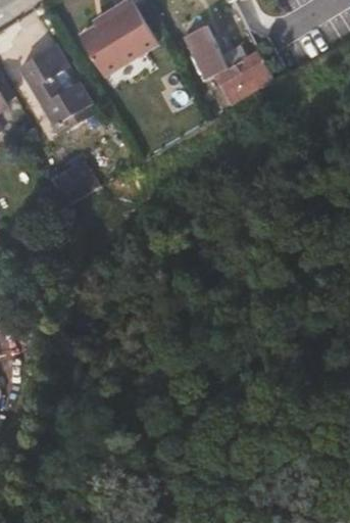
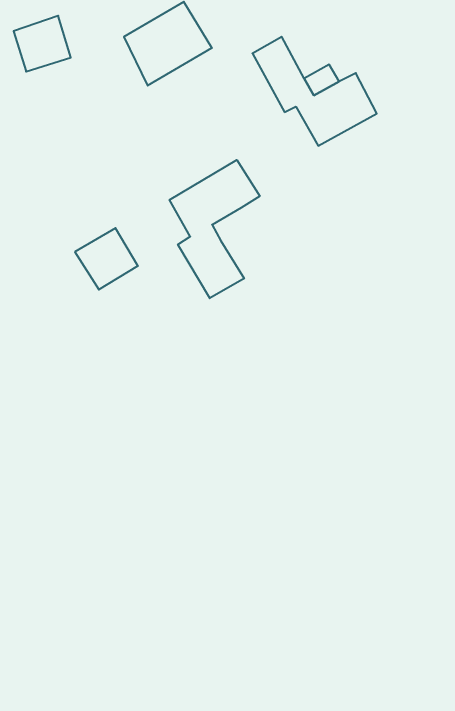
building: [18,52,76,120] -> none
building: none -> [170,160,260,298]

